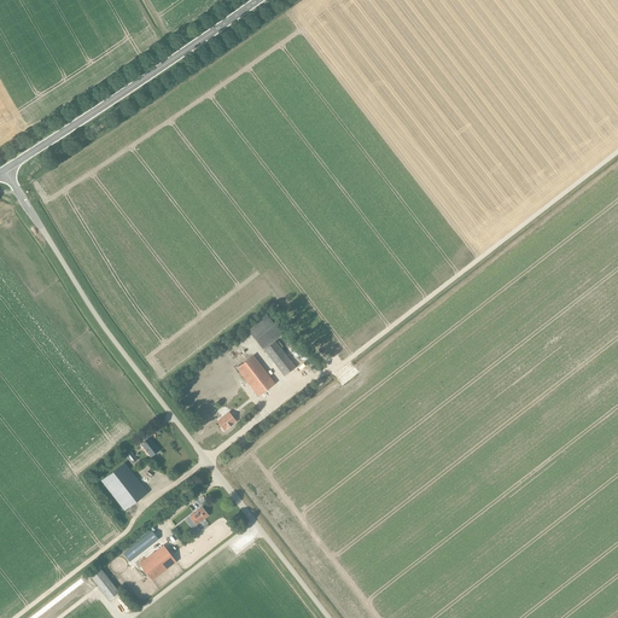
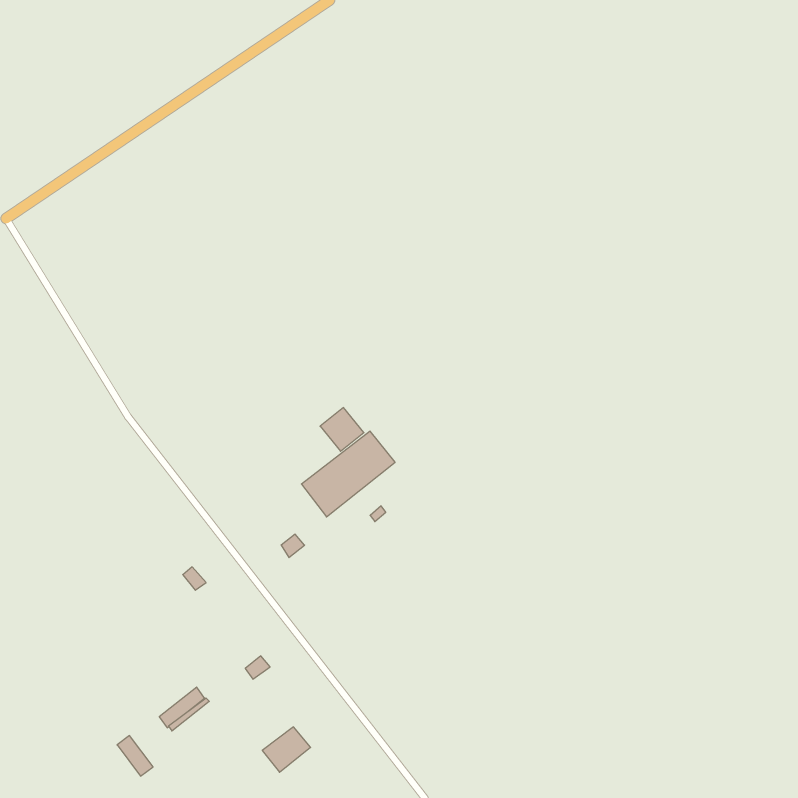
building: [101,464,147,511] -> none
building: [139,546,176,581] -> [262,727,311,772]

